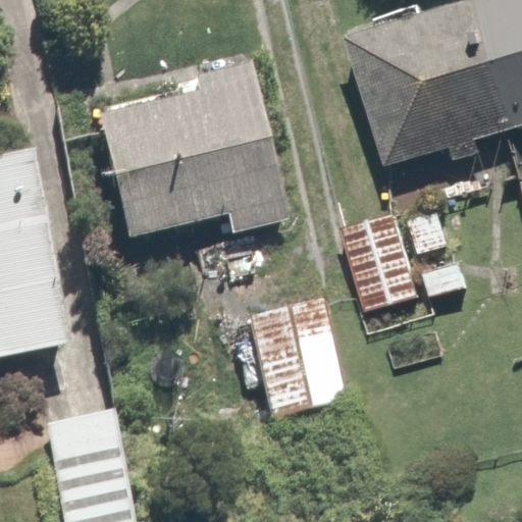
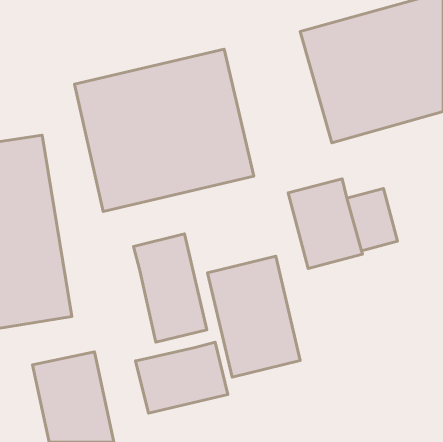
building: none -> [134,234,207,342]
building: none -> [136,342,228,413]

